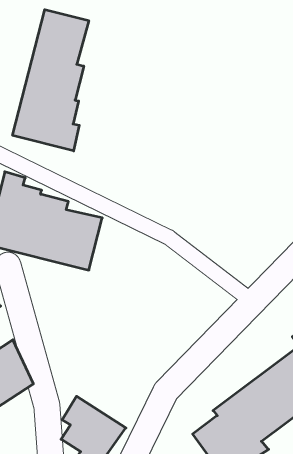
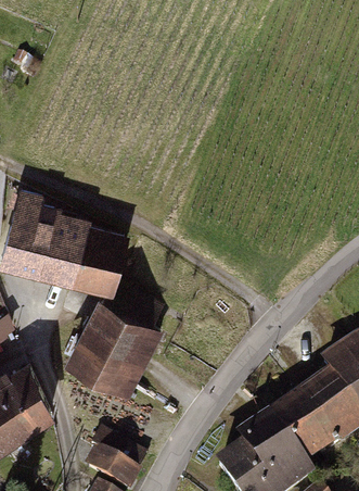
building: [13,10,89,151] -> none
building: none -> [65,290,170,395]

